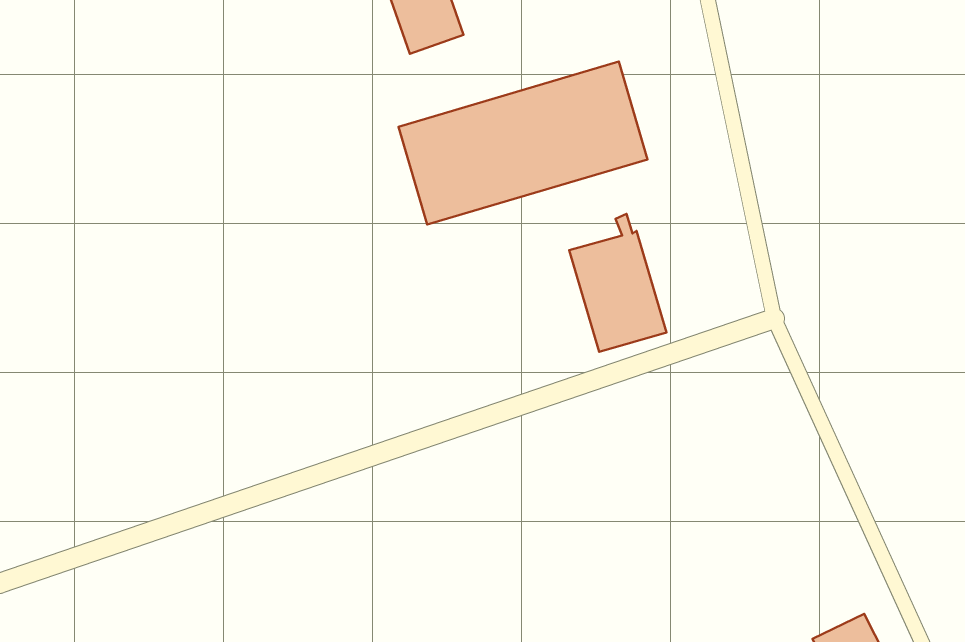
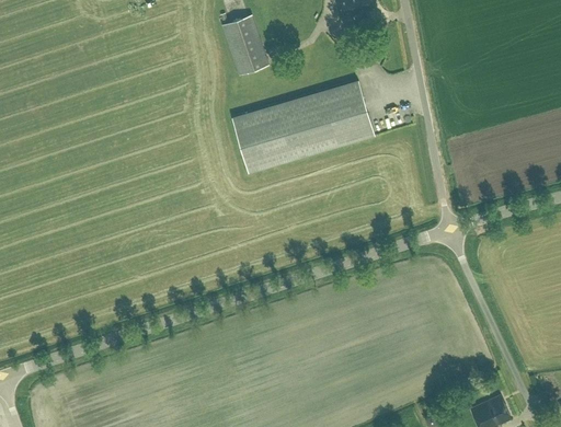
building: [569,214,666,352] -> none

